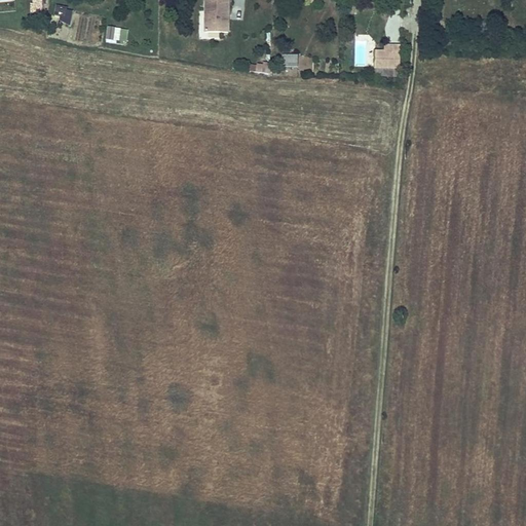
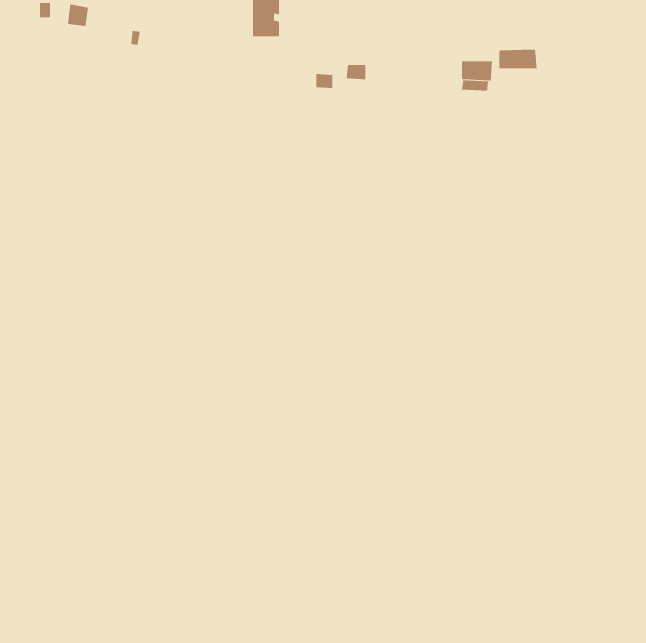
building: none -> [499,49,537,69]

